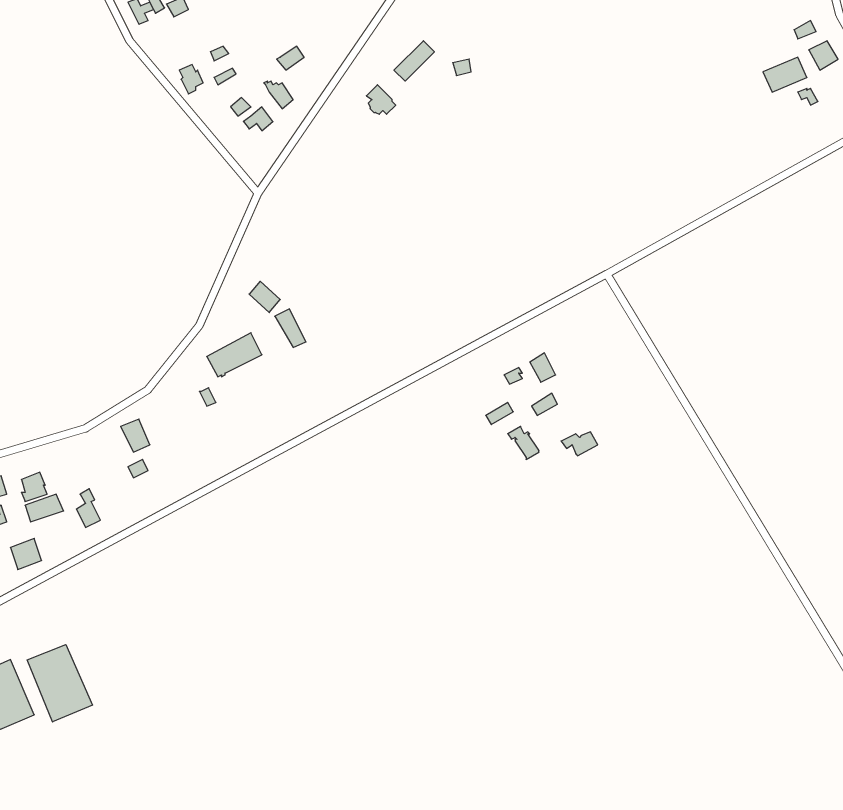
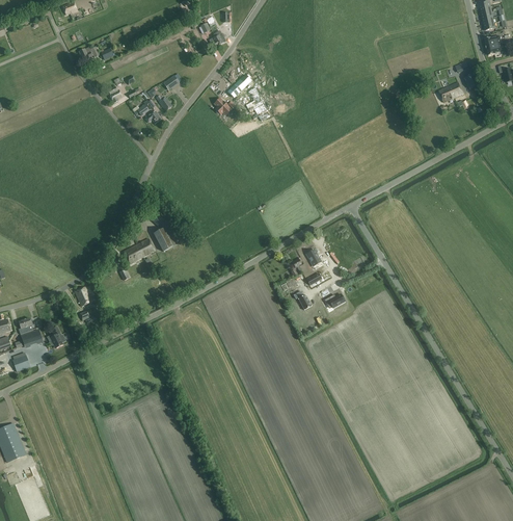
building: [27,645,92,722] -> none

